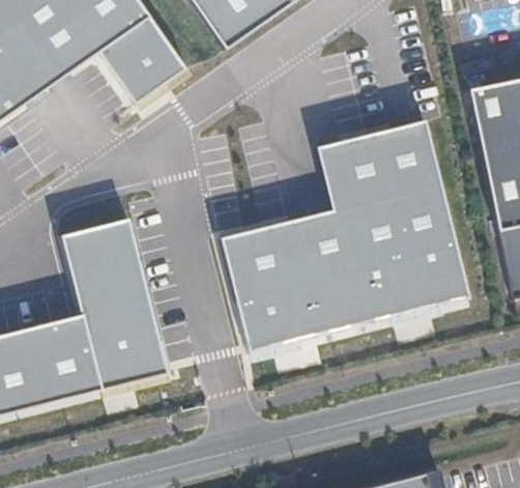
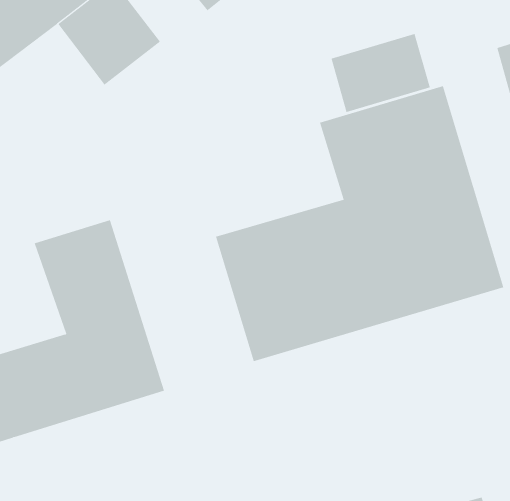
building: none -> [331,33,430,113]

